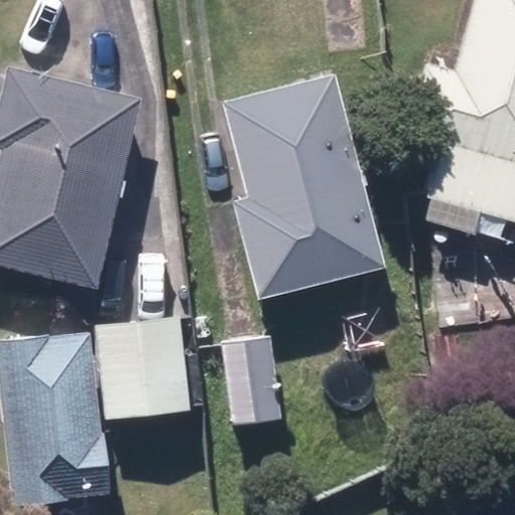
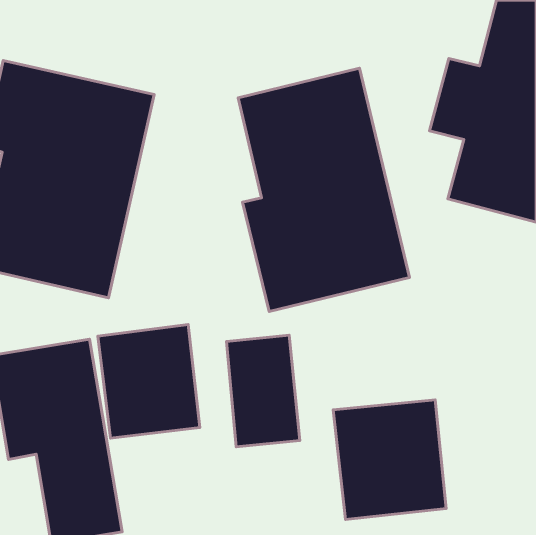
building: none -> [333,400,446,519]

